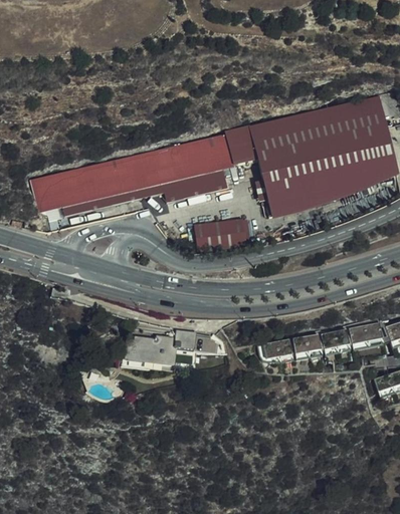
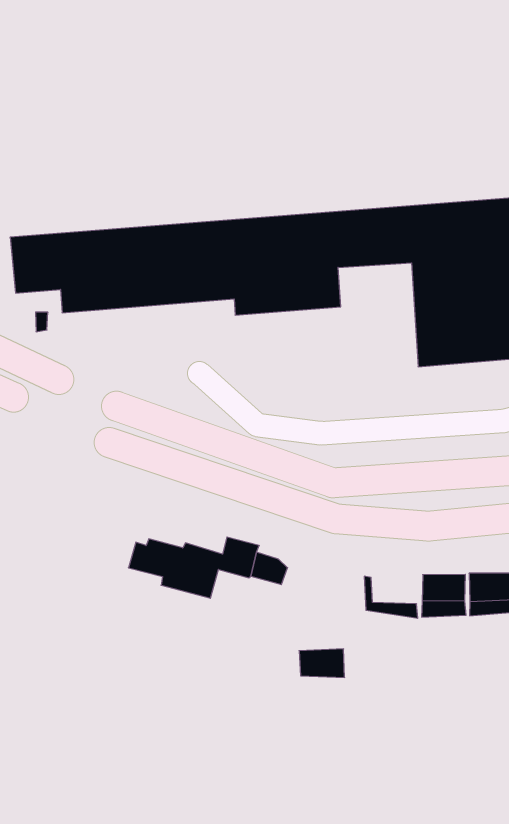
building: [195,219,248,252] -> none
building: [265,334,293,353] -> [299,649,345,677]

